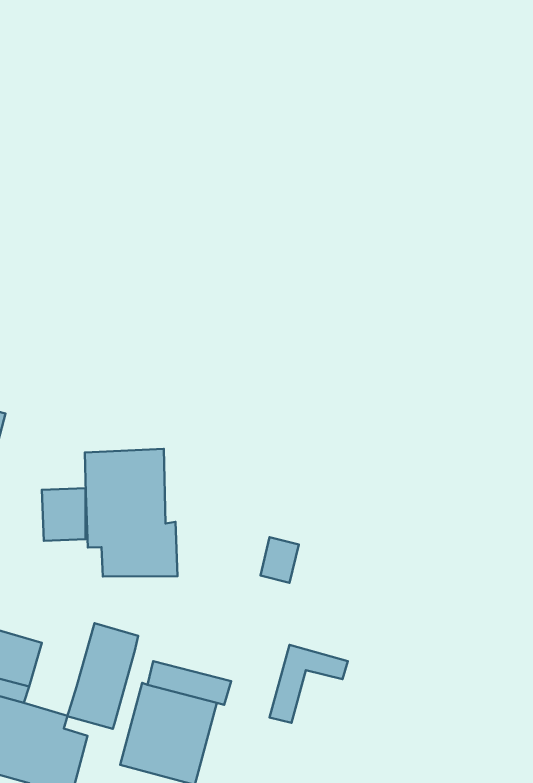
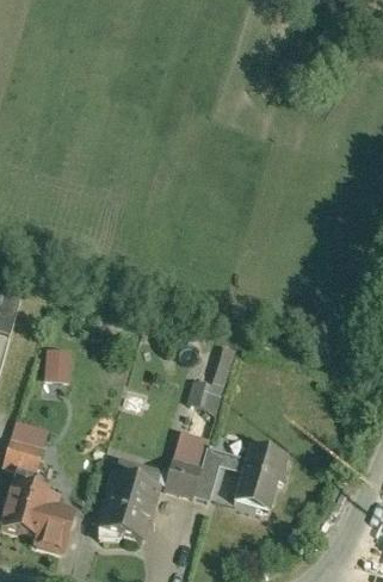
building: [85,449,177,577] -> none
building: [67,623,138,729] -> [165,429,211,499]
building: none -> [235,445,291,512]

